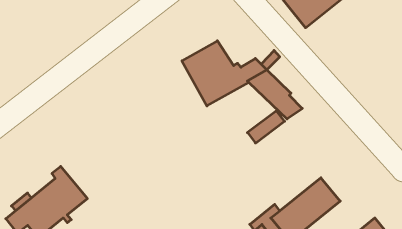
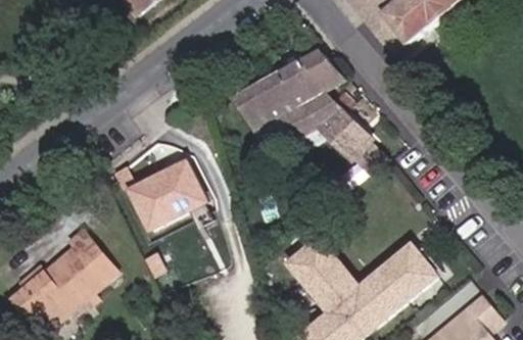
building: none -> [281,49,346,104]
building: none -> [130,160,205,227]
building: none -> [288,237,353,303]

